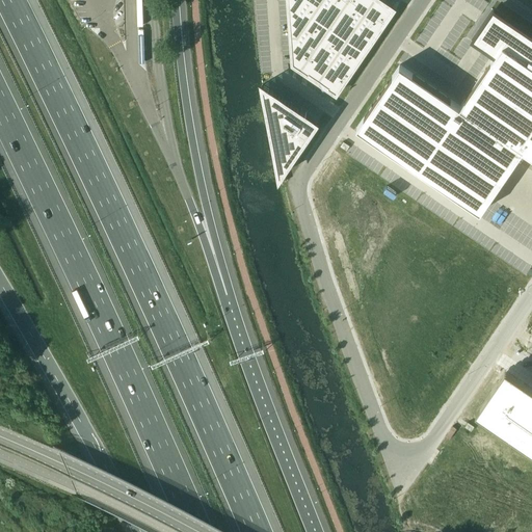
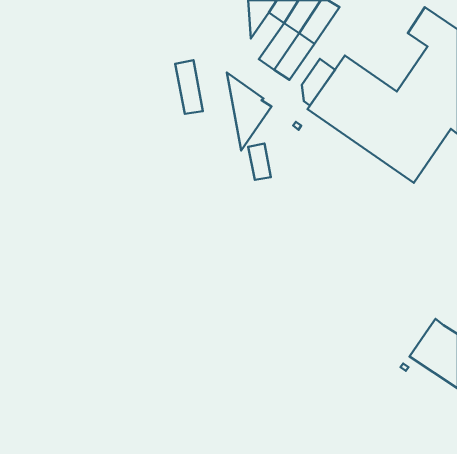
building: [292,19,330,73] -> [302,59,335,105]
building: none -> [175,60,203,114]
building: none -> [248,144,271,180]

